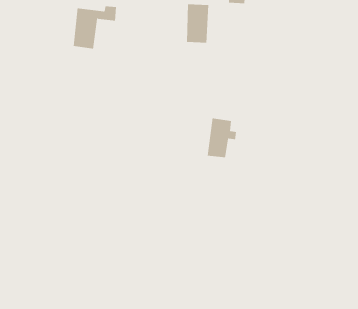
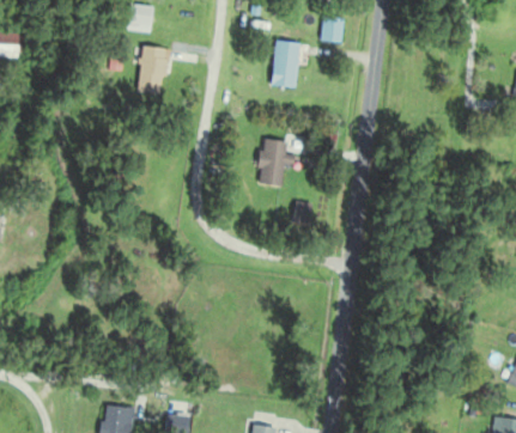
building: [207,118,237,158] -> [257,139,293,187]

